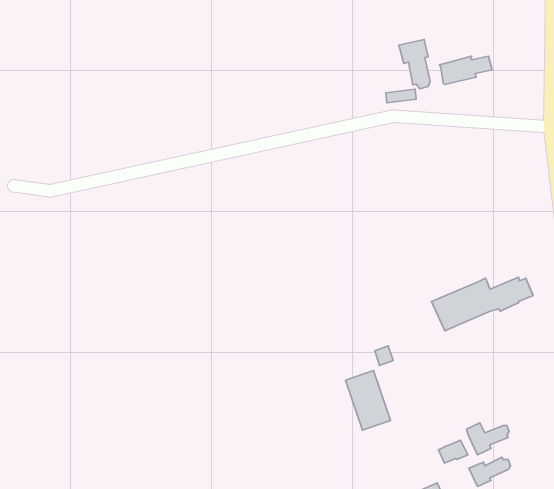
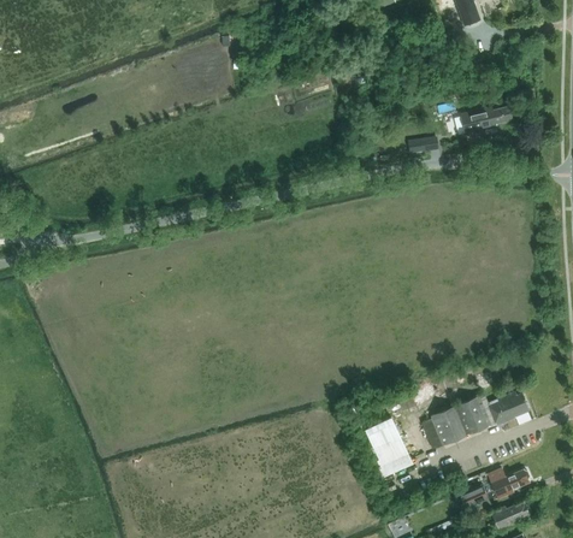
building: [399,39,430,89] -> none
building: [432,277,533,331] -> [429,392,528,445]

